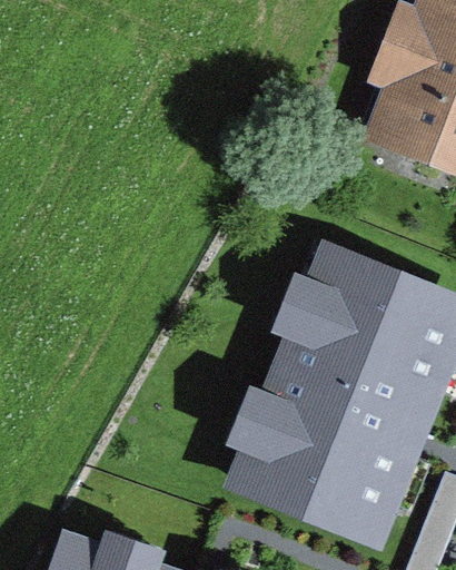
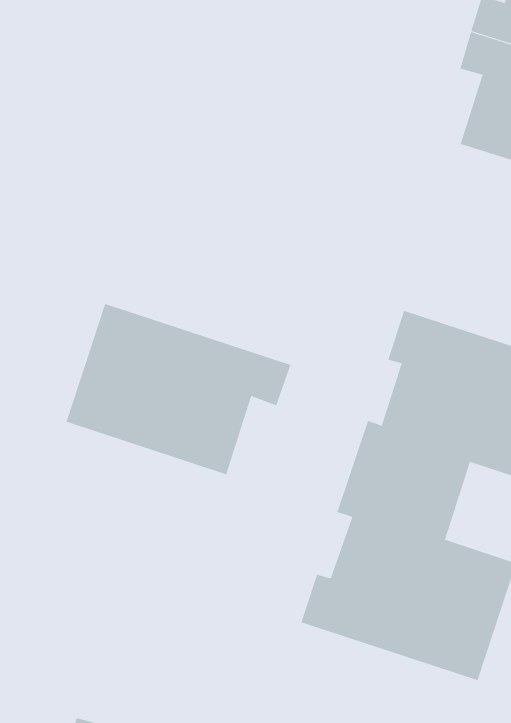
building: none -> [66,303,291,475]

